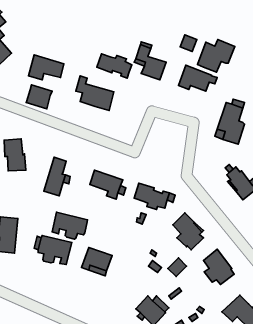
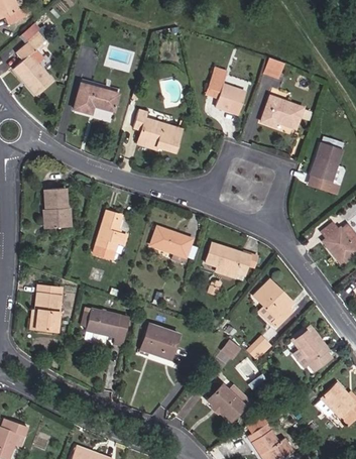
building: [197,39,235,72] -> none
building: [97,54,132,78] -> none
building: [26,85,52,109] -> none
building: [52,212,87,239] -> none

